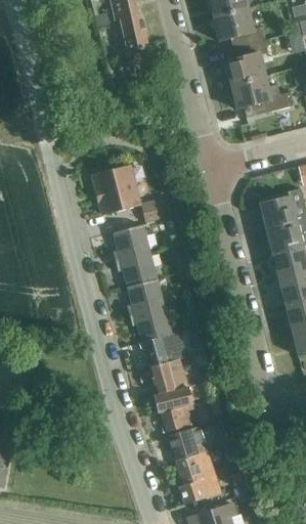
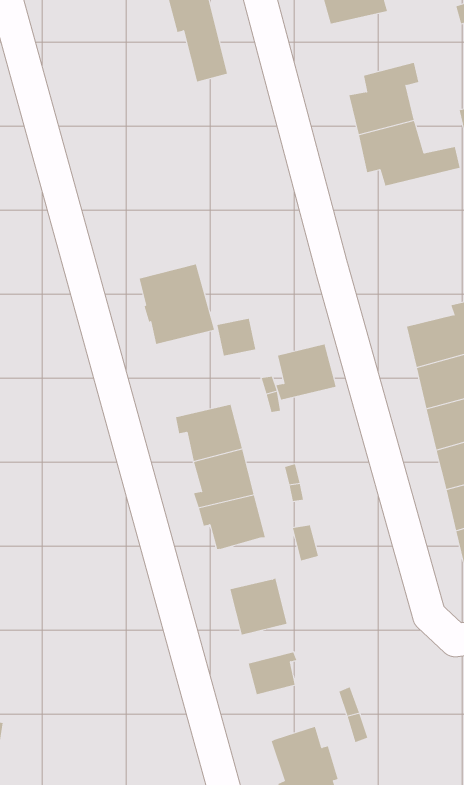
building: [212,8,264,48] -> none
building: [113,225,150,260] -> [276,344,337,400]
building: [143,335,176,366] -> none
building: [154,388,189,413] -> none
building: [169,426,207,460] -> none

